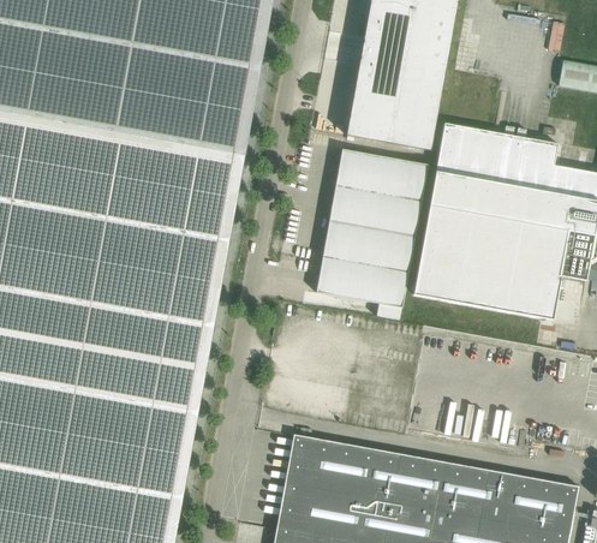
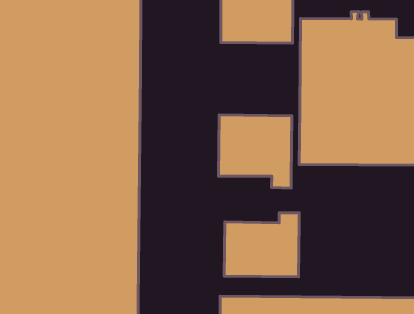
building: [329,149,428,235] -> none
building: none -> [224,213,299,277]

